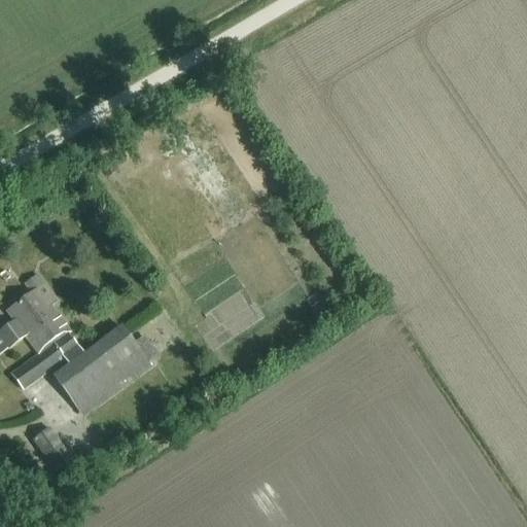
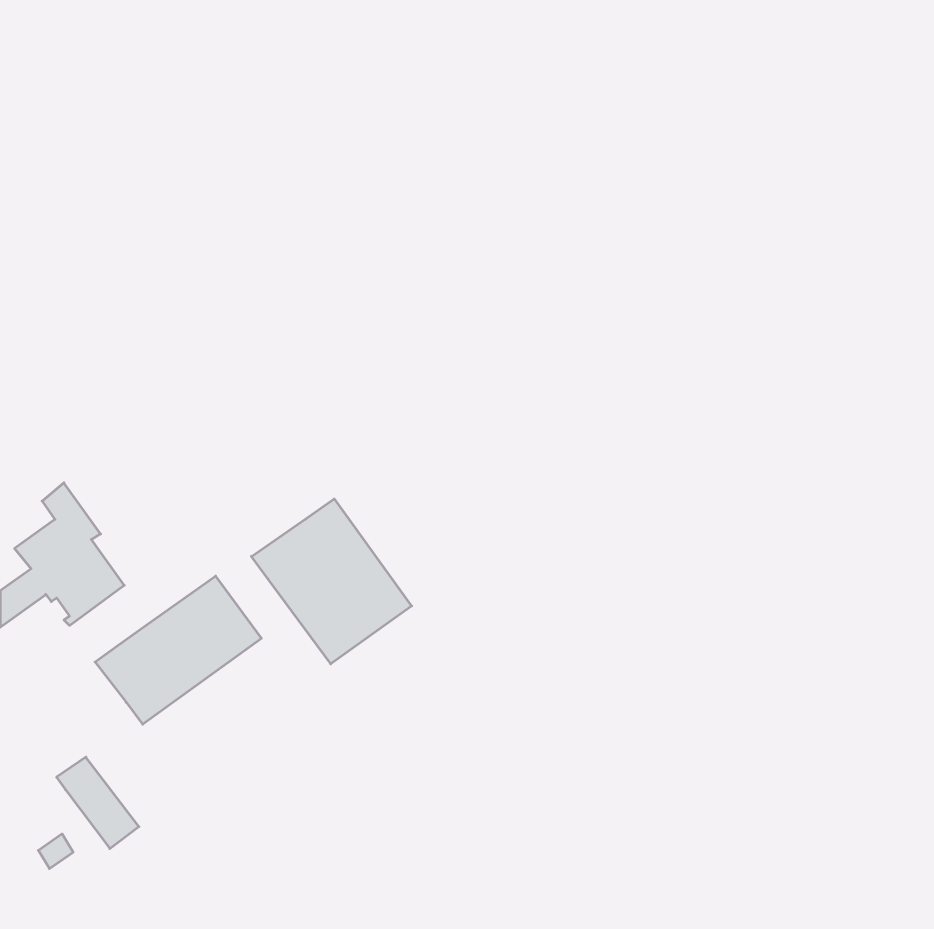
building: none -> [251,499,412,664]
building: [11,332,82,389] -> none

